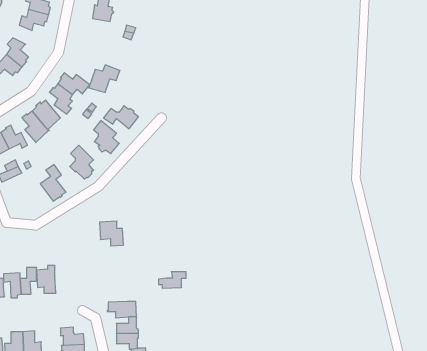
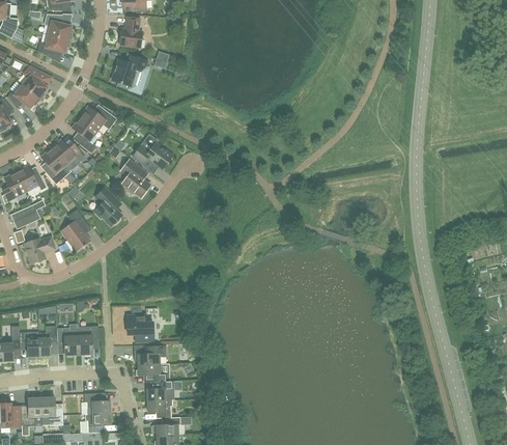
building: [89,65,120,92] -> [111,55,146,86]
building: none -> [24,237,54,263]
building: [100,221,123,246] -> [125,314,152,342]
building: none -> [77,327,97,355]
building: [159,272,186,288] -> [133,346,164,365]

